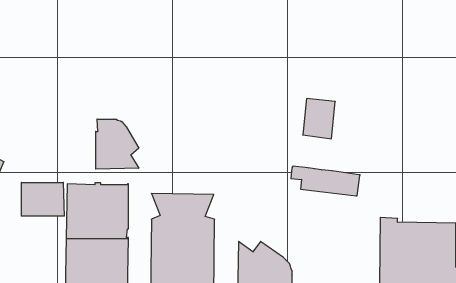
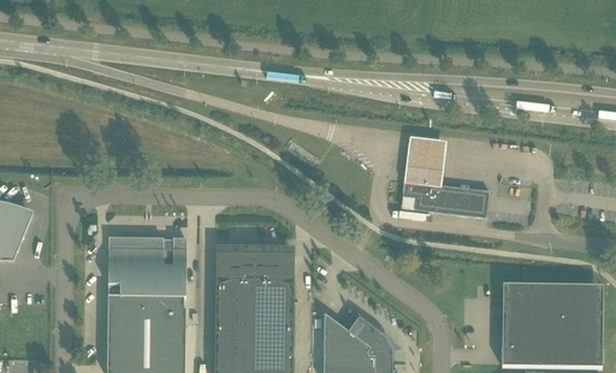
building: [96,119,139,169] -> none
building: [291,166,360,196] -> [403,179,490,217]
building: [21,182,64,216] -> none

